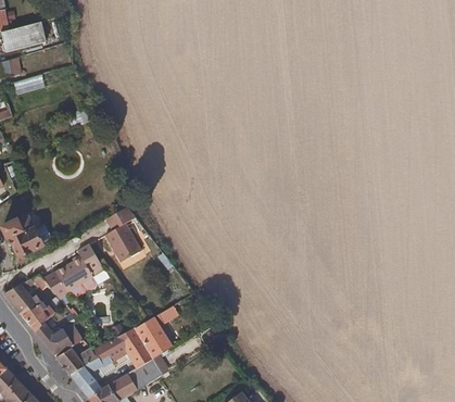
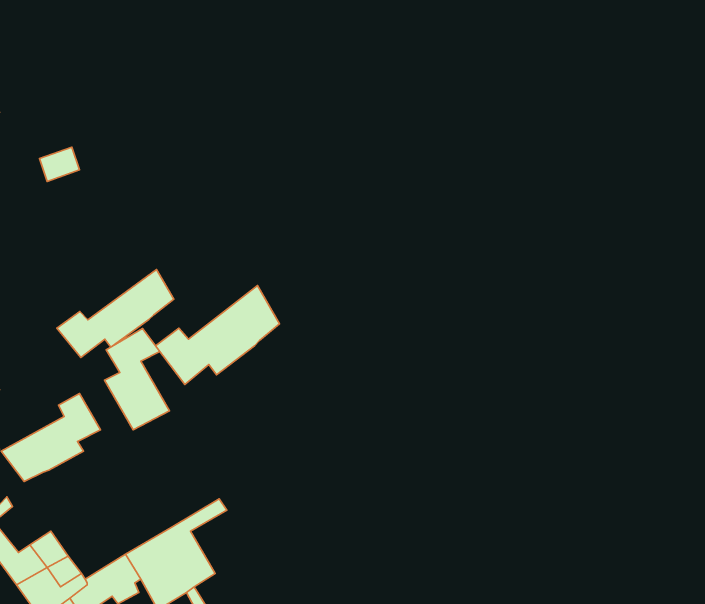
building: none -> [57,270,174,358]
building: none -> [156,286,280,384]

